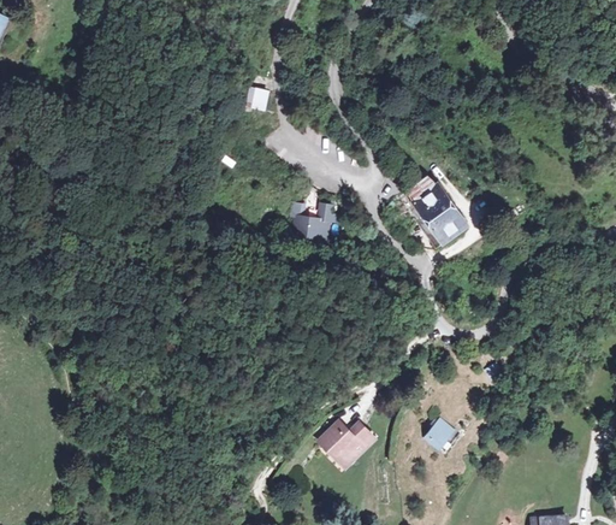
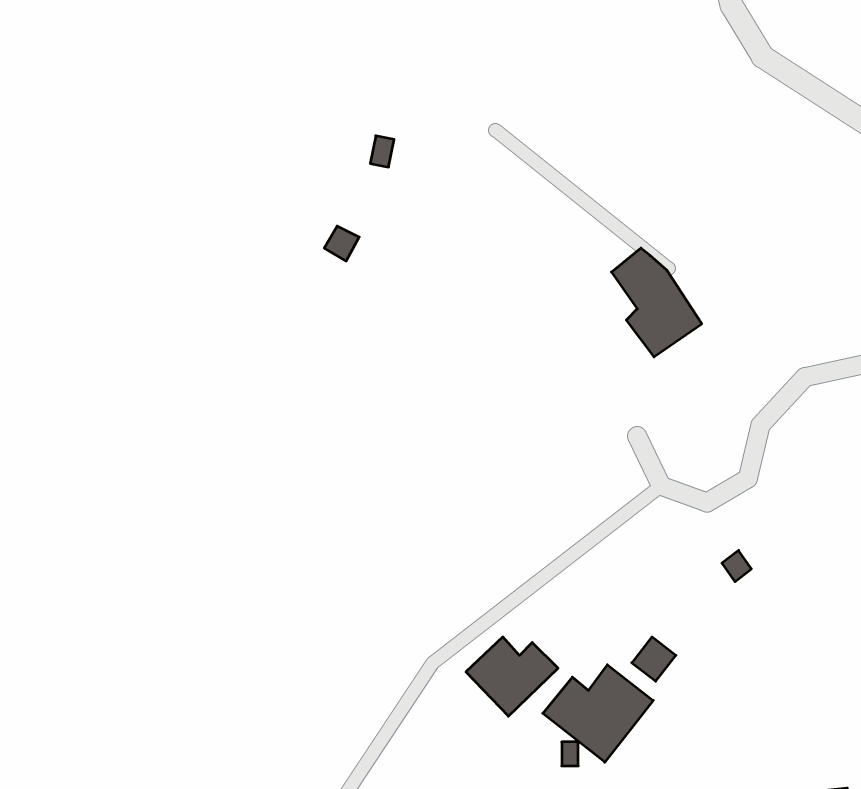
building: [295,200,331,238] -> none
building: none -> [543,665,653,762]

